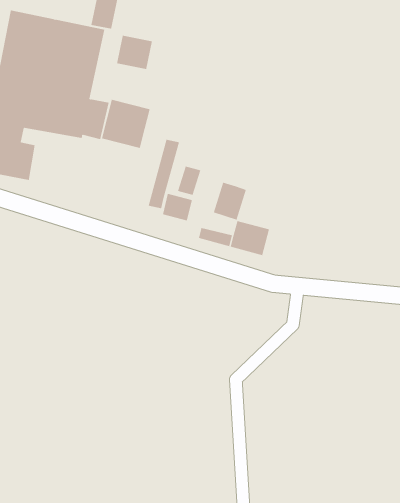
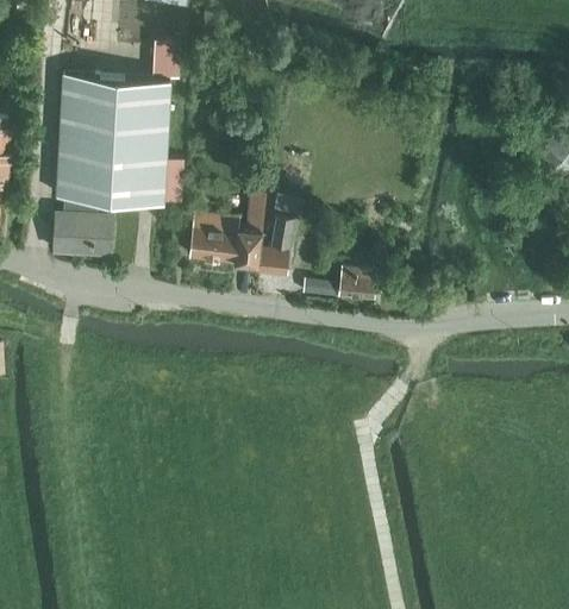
building: [117,35,153,70] -> none
building: [101,99,150,148] -> [189,214,238,263]
building: [213,182,247,220] -> none

